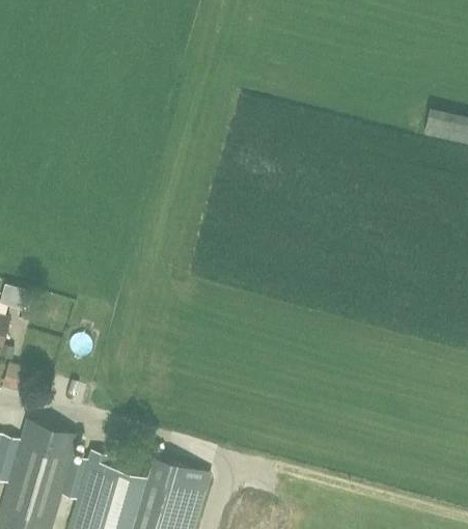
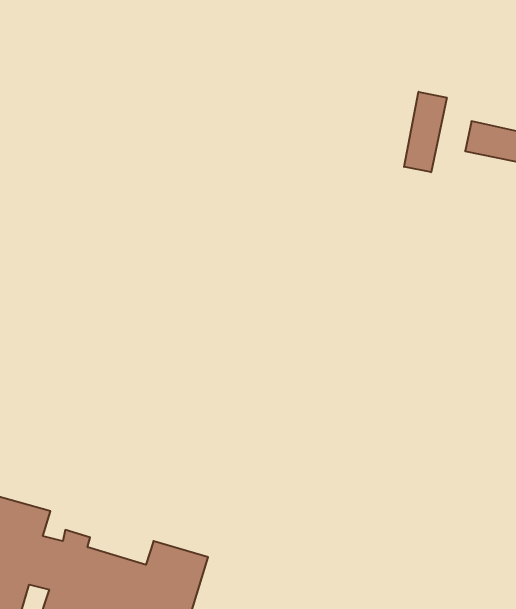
building: none -> [404,92,447,172]

